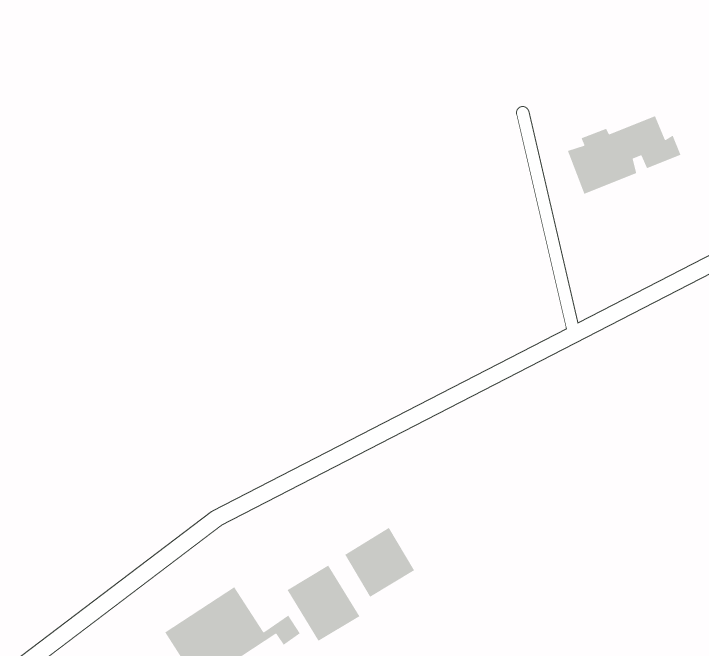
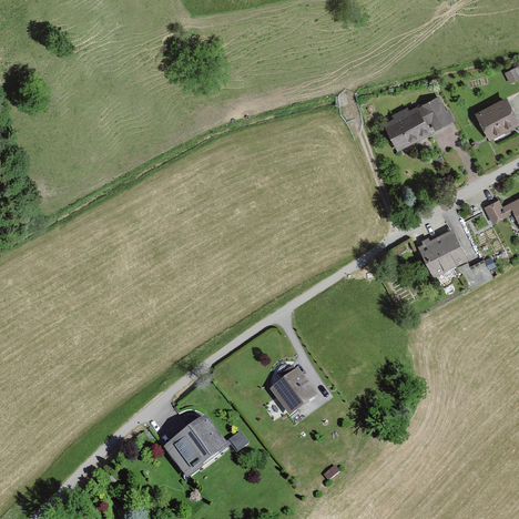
building: none -> [419,228,469,275]
building: [286,564,360,642] -> none

